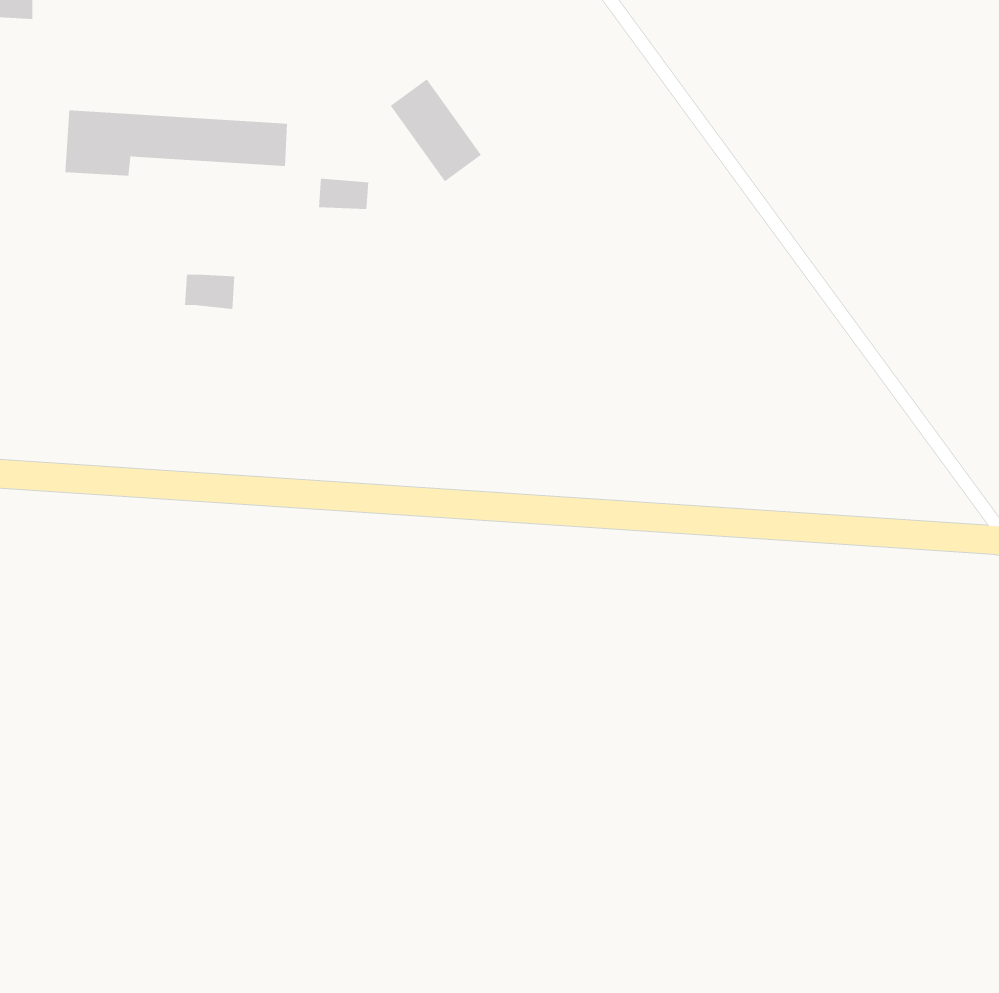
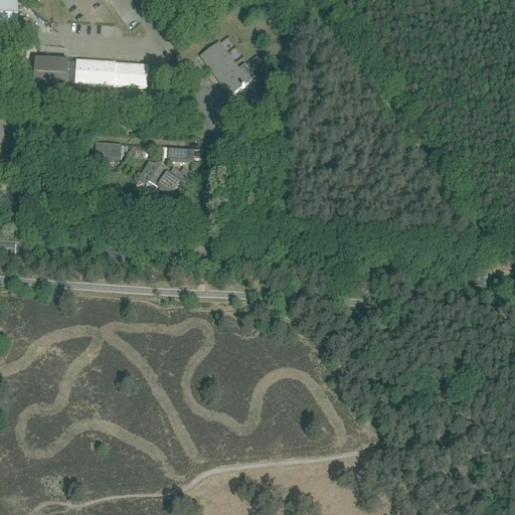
building: [318,178,369,210] -> [168,144,194,160]
building: none -> [146,163,186,193]

